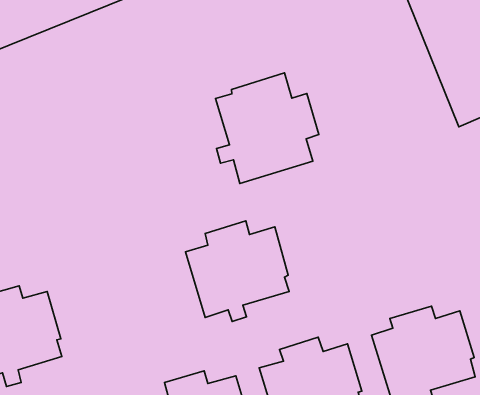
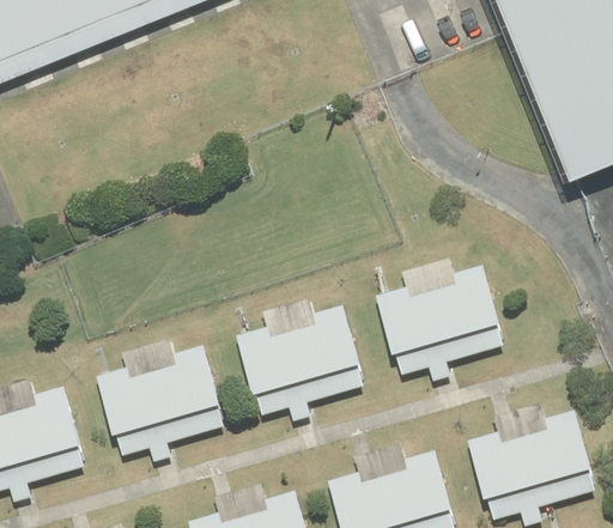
building: [215,73,319,183] -> none
building: none -> [374,259,502,386]
building: none -> [95,336,220,465]

